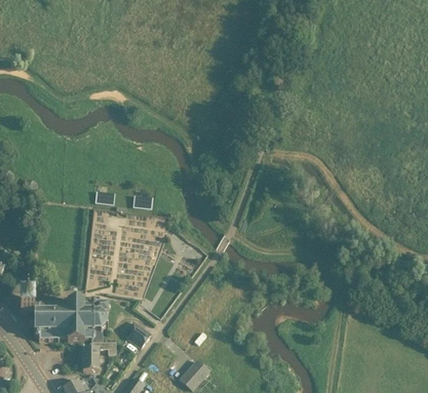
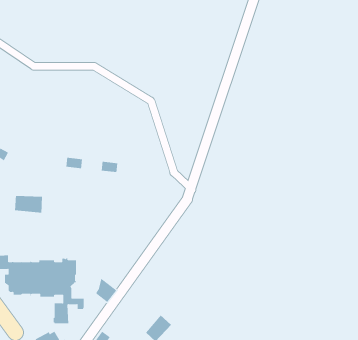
building: none -> [15,195,43,213]

